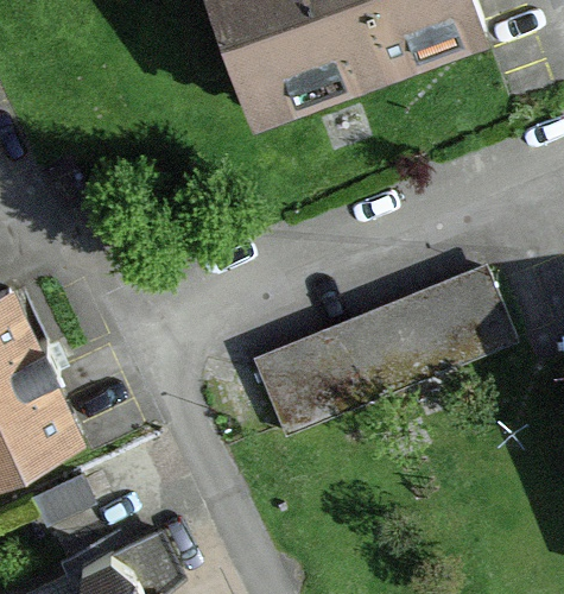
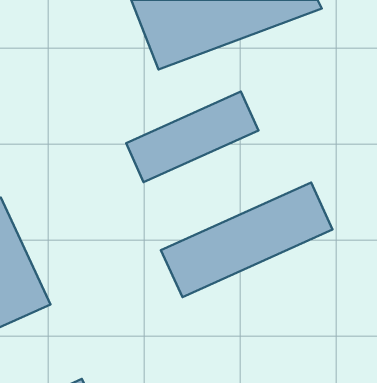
building: none -> [126,91,258,182]

